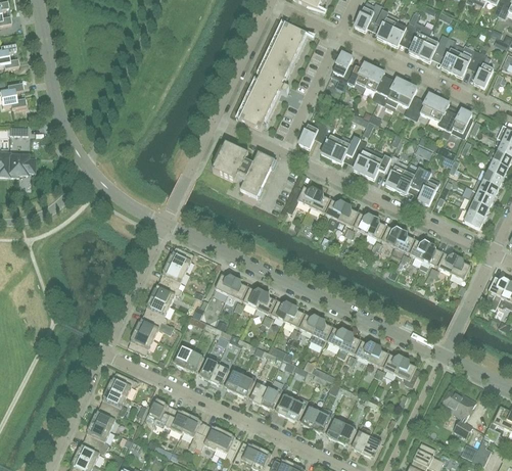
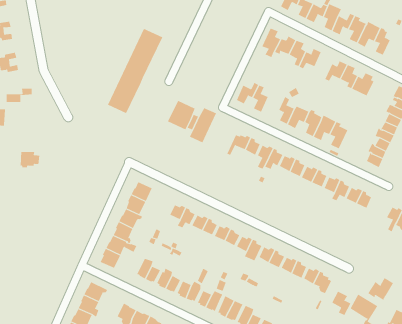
building: [235,21,306,129] -> [107,28,163,114]
building: [398,83,419,116] -> none
building: [330,134,360,162] -> none
building: [7,155,33,176] -> [20,151,40,168]
building: none -> [368,277,394,301]
building: none -> [332,291,351,316]

